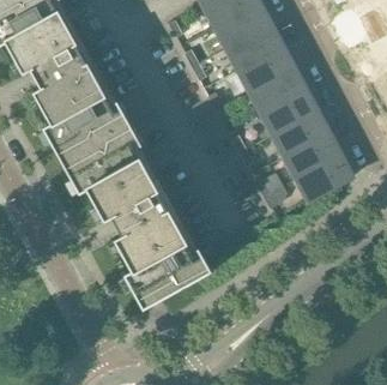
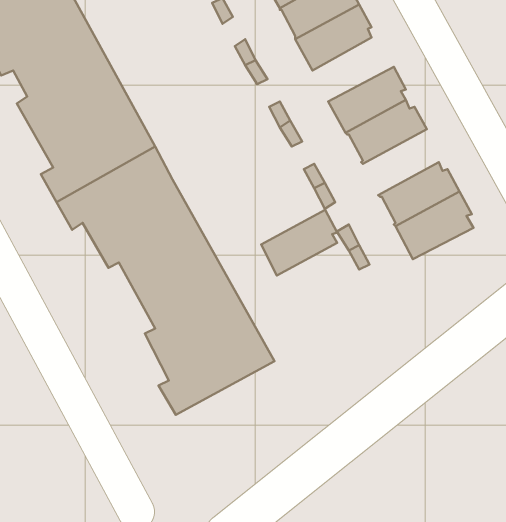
building: [235,43,291,88] -> none
building: [270,107,322,152] -> [261,210,337,276]

